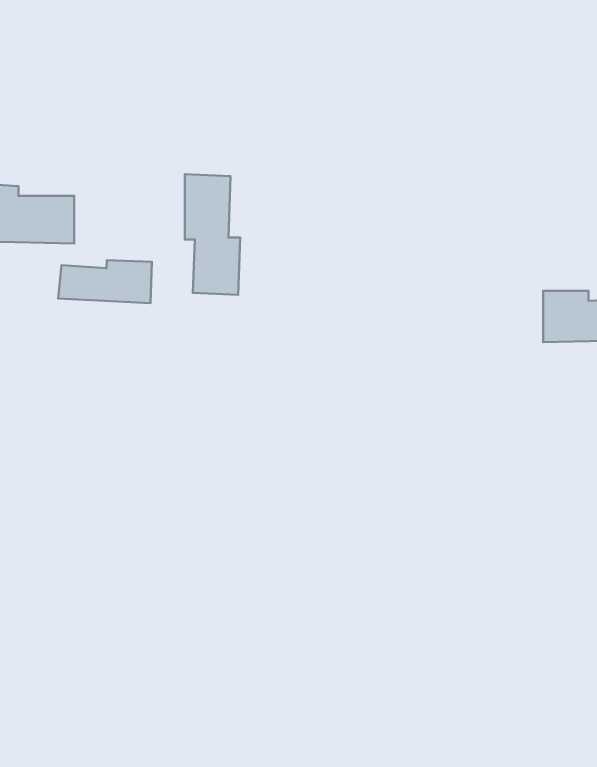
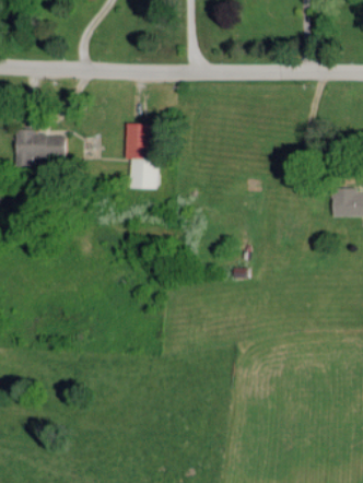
building: [58,260,152,303] -> none

